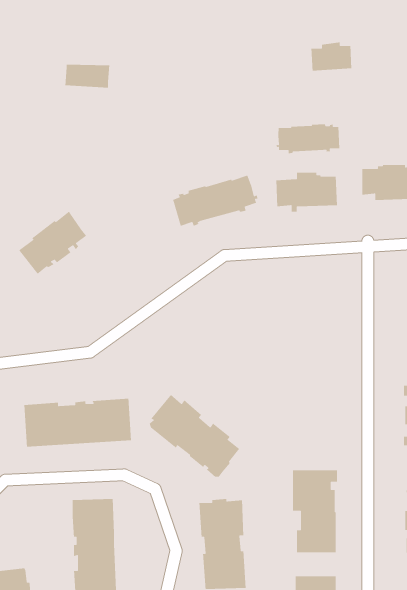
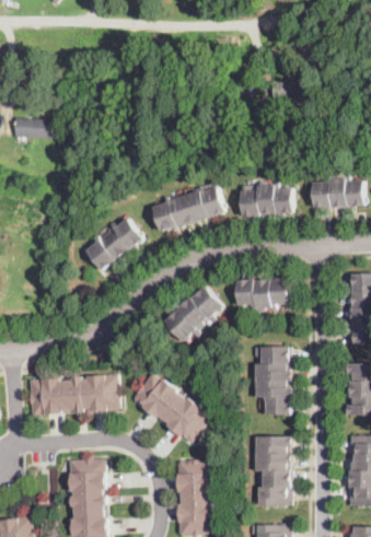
building: [65,64,110,88] -> [12,118,50,139]
building: [276,124,340,154] -> none
building: [18,211,87,275] -> [84,218,142,271]
building: none -> [235,278,288,311]
building: none -> [162,285,222,343]
building: none -> [254,345,292,415]

